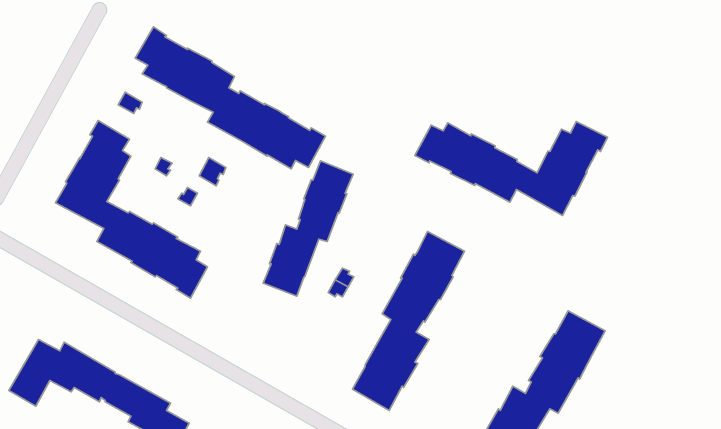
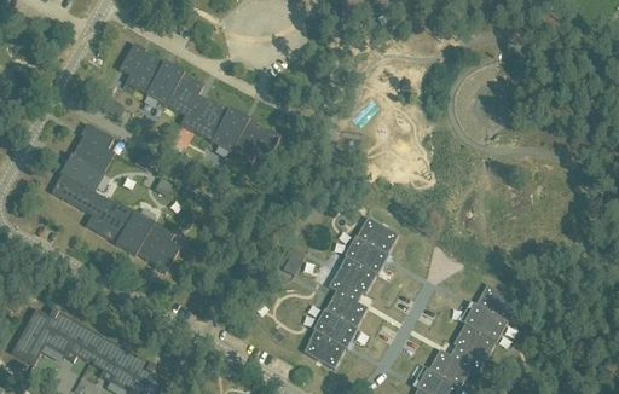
building: [415,121,608,215] -> none
building: [263,161,353,296] -> none

